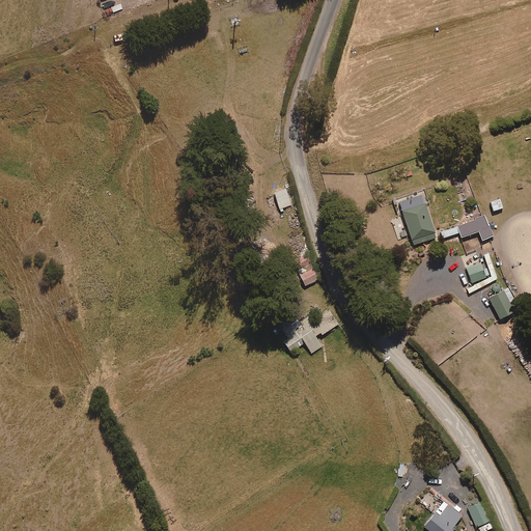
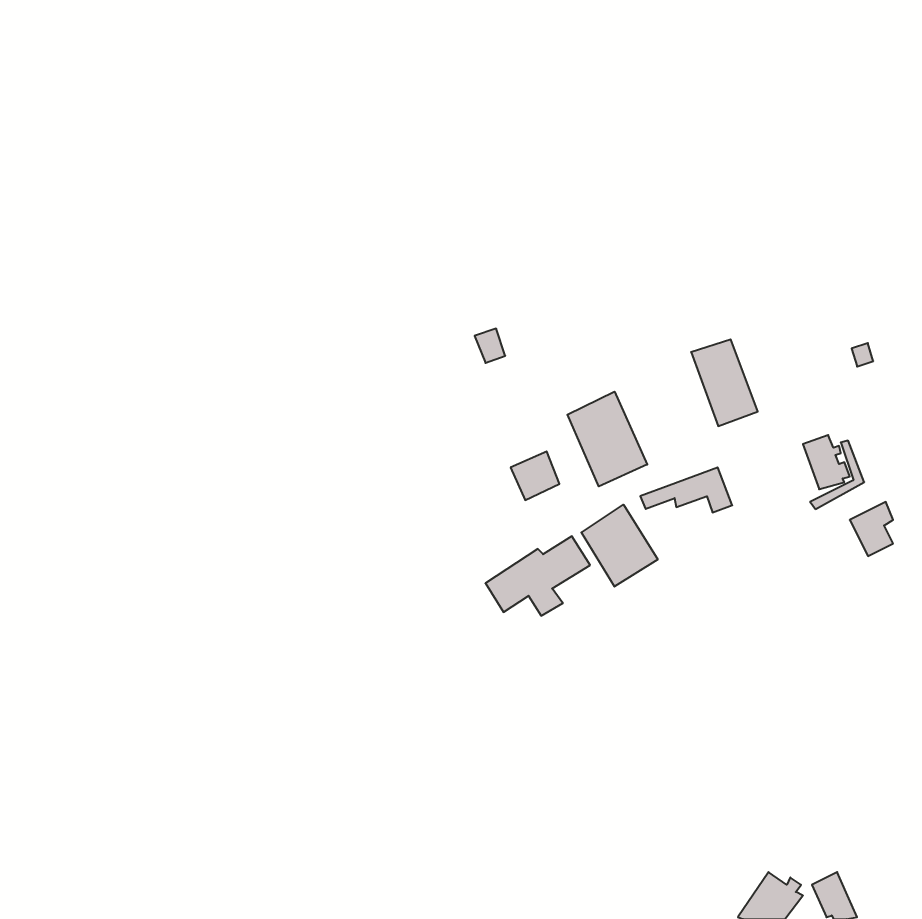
building: [440,215,493,241] -> [640,467,732,512]
building: none -> [567,392,647,486]
building: none -> [581,505,658,587]

